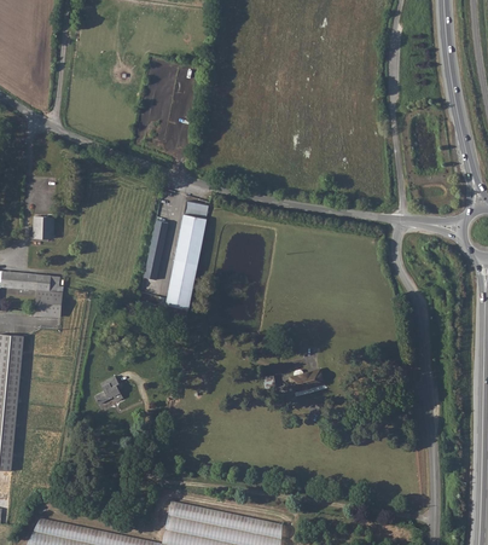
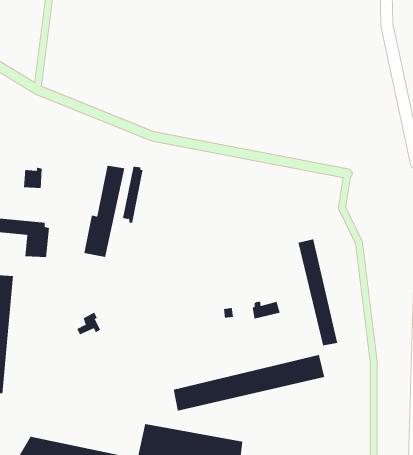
building: [161,207,208,312] -> [84,165,125,257]
building: none -> [298,238,338,346]
building: none -> [173,354,325,412]

